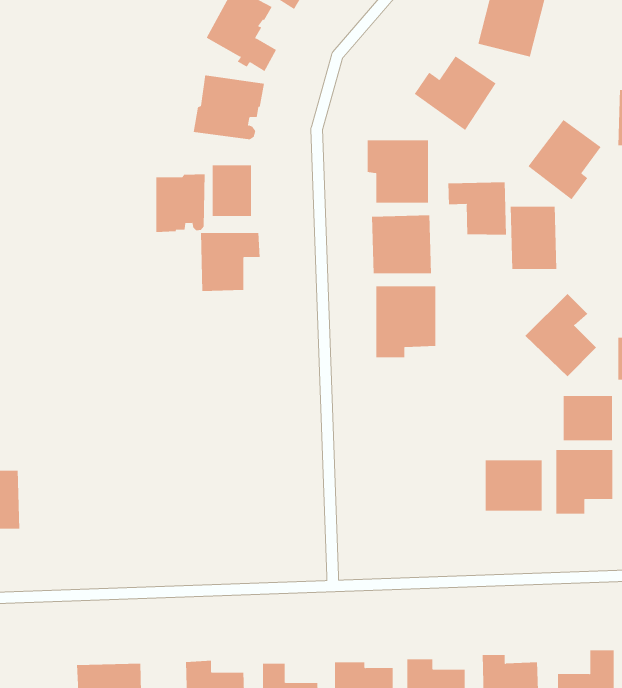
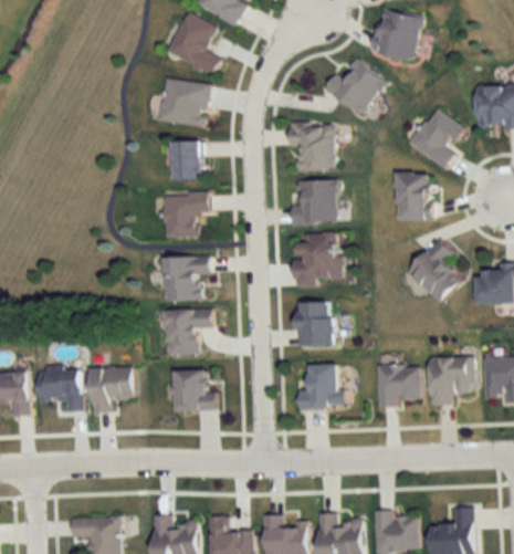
building: [156,173,205,233] -> none
building: [448,182,506,235] -> none
building: none -> [162,257,209,299]
building: none -> [296,300,332,344]
building: none -> [165,307,211,354]
building: [563,395,613,441] -> none
building: none -> [297,363,342,409]
building: none -> [88,366,130,412]
building: none -> [38,368,81,411]
building: none -> [174,368,213,411]

